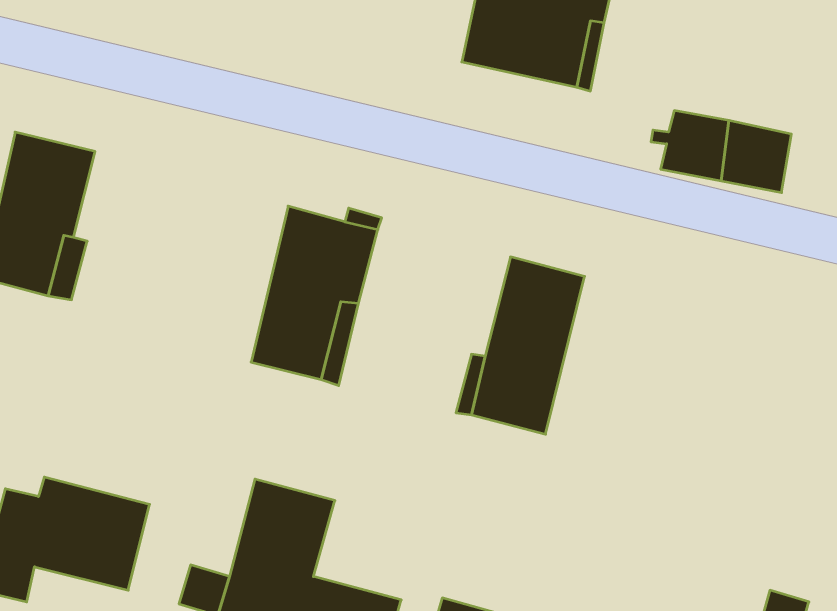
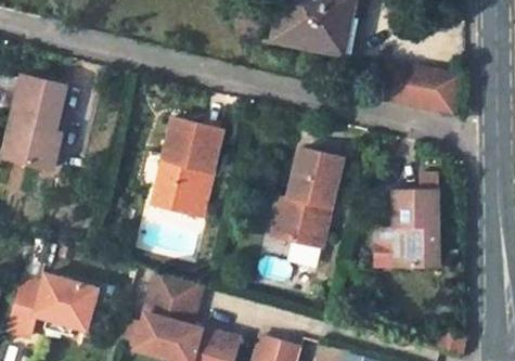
building: none -> [375,177,438,269]

